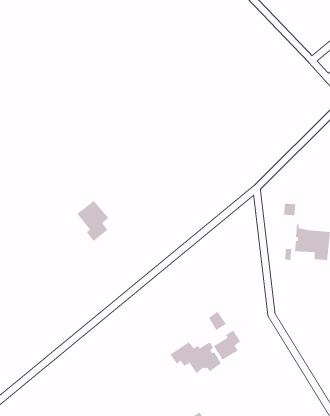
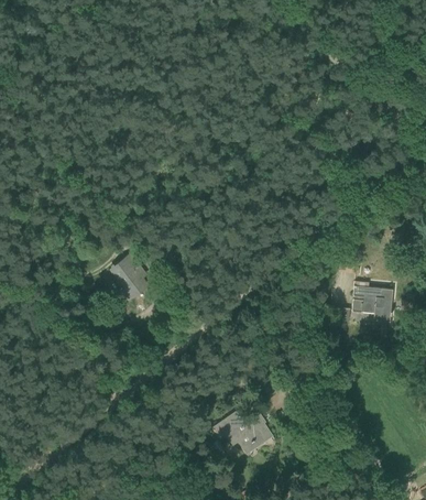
building: [213,329,241,360] -> none

